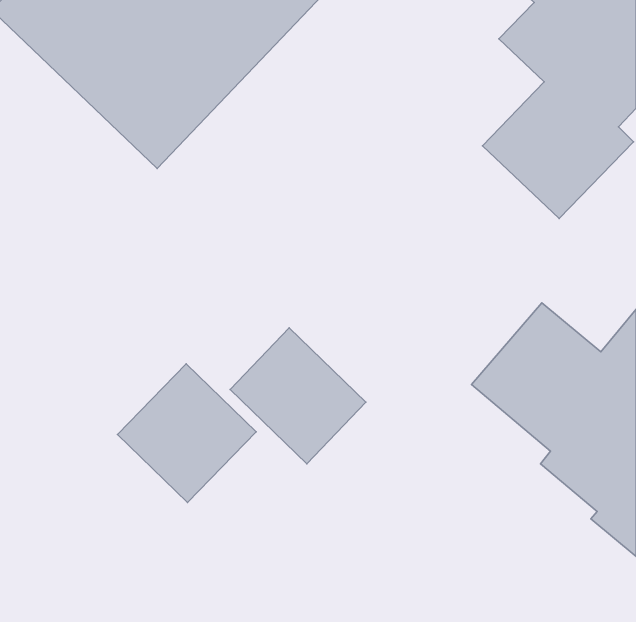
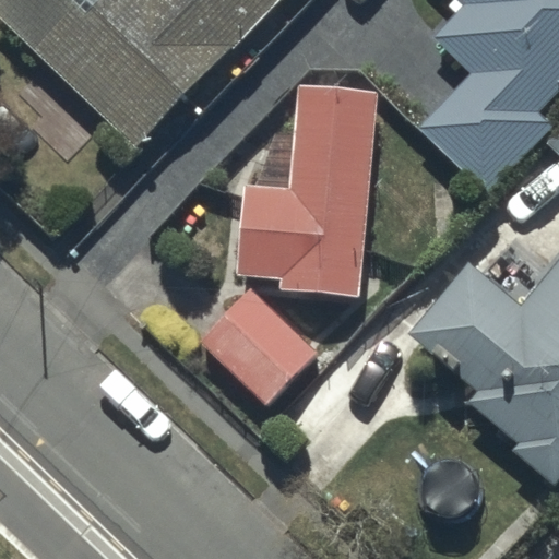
building: none -> [239,87,377,297]
building: [118,364,256,503] -> none

